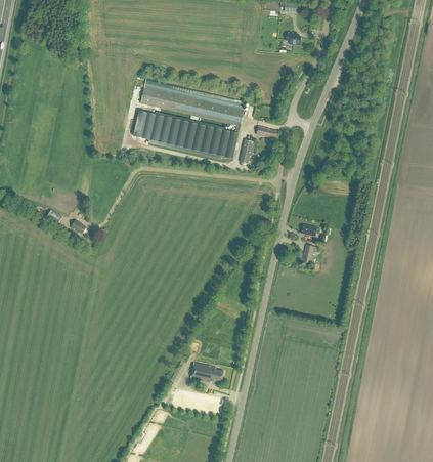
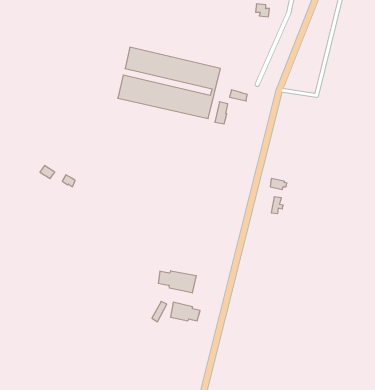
building: none -> [158,271,196,293]

